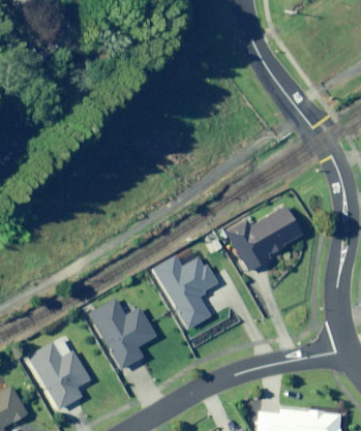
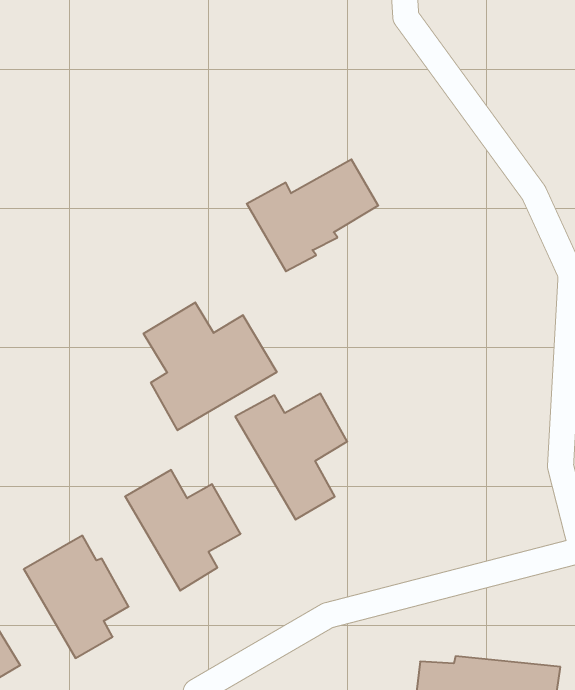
building: none -> [144,302,277,430]
building: [224,208,301,273] -> [247,159,378,271]

